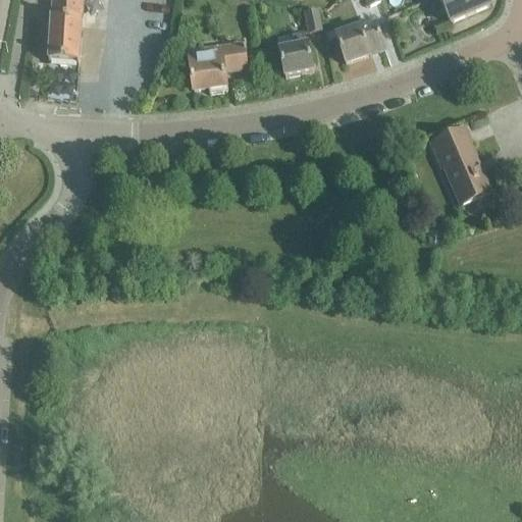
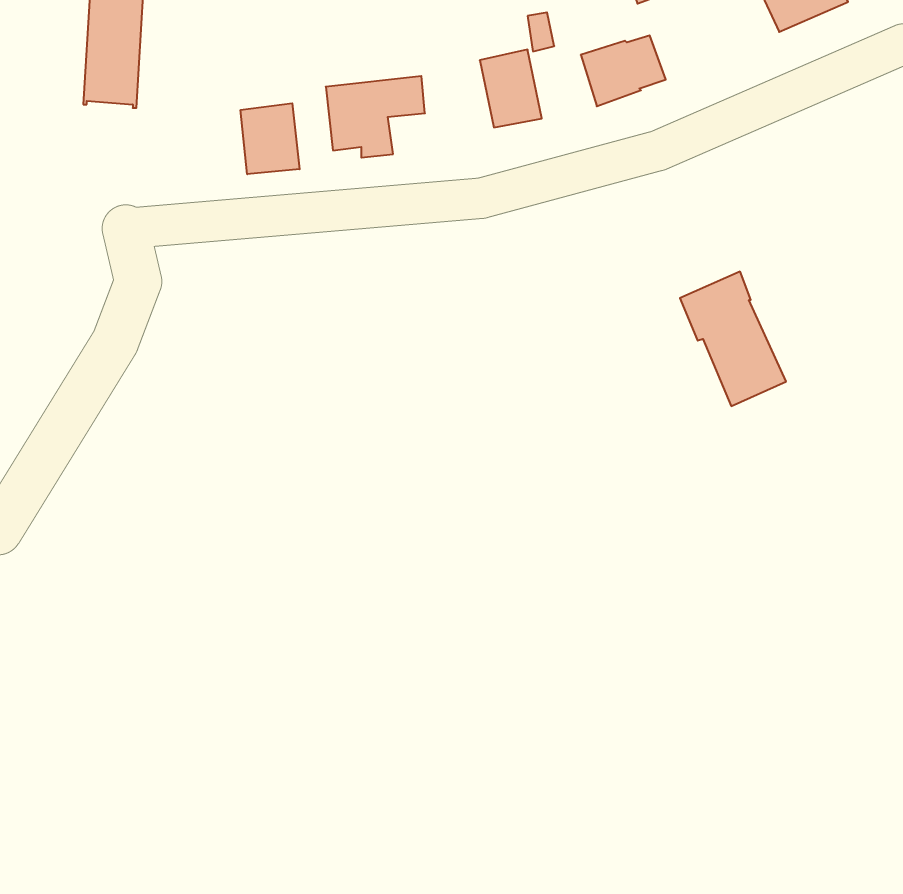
building: none -> [241,103,300,174]
building: [429,125,490,203] -> [680,272,786,406]

